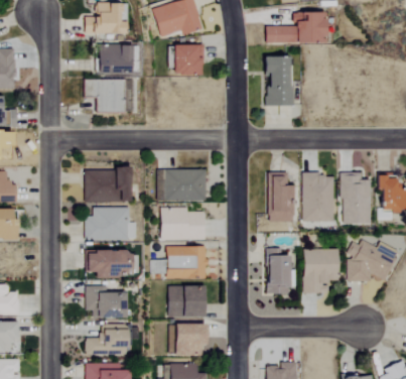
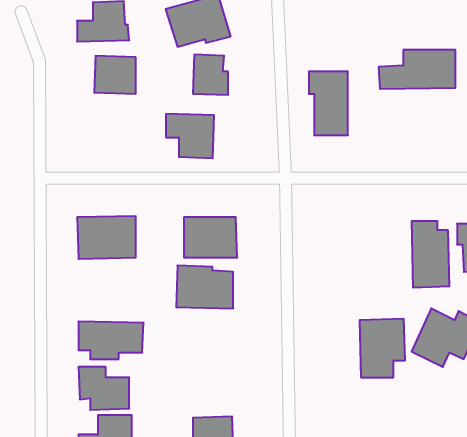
building: [266,13,325,43] -> [379,50,455,89]
building: [87,79,124,113] -> [166,114,214,158]
building: [269,172,295,222] -> none
building: [303,173,334,222] -> none
building: [85,207,136,240] -> none
building: [167,246,208,279] -> none
building: [267,249,290,294] -> none
building: [169,286,205,318] -> none

